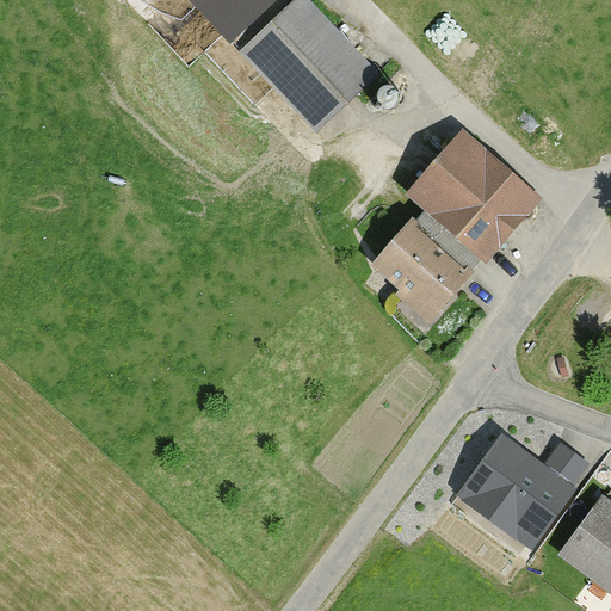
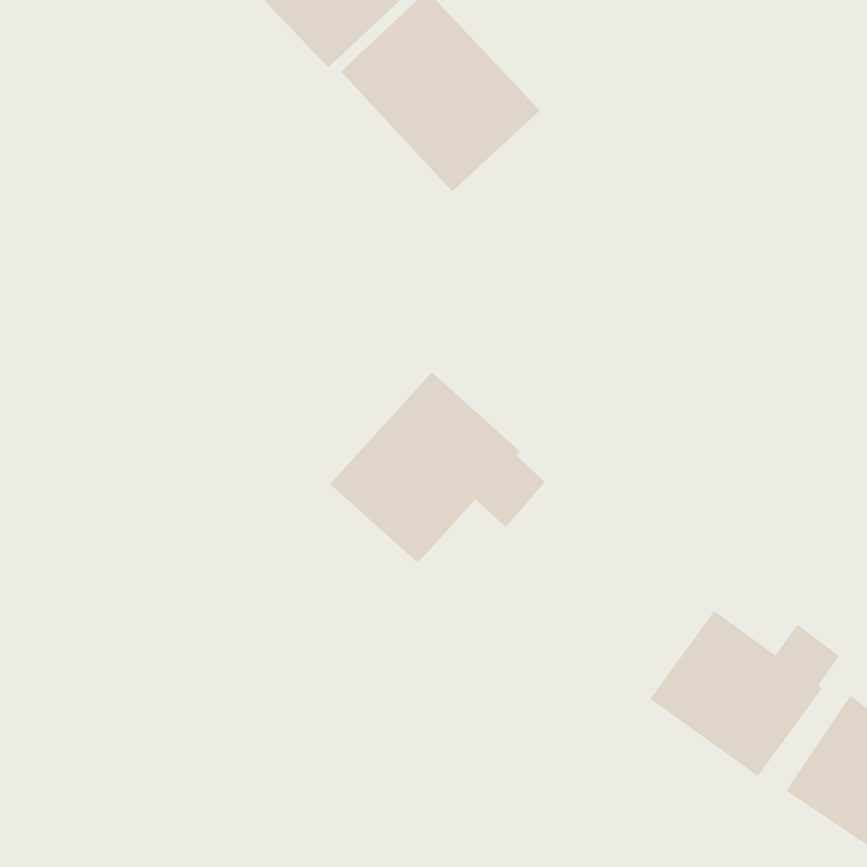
building: [372,128,539,317] -> none
building: none -> [329,372,546,564]

